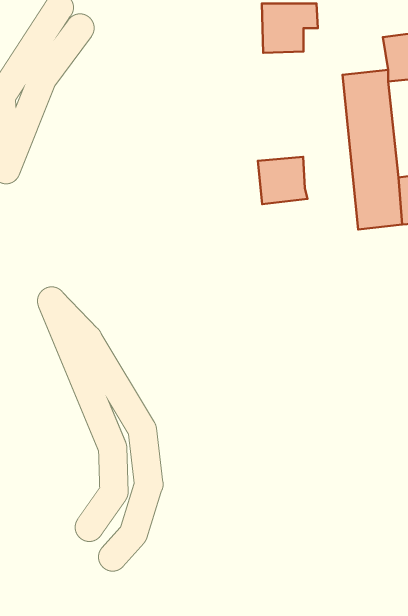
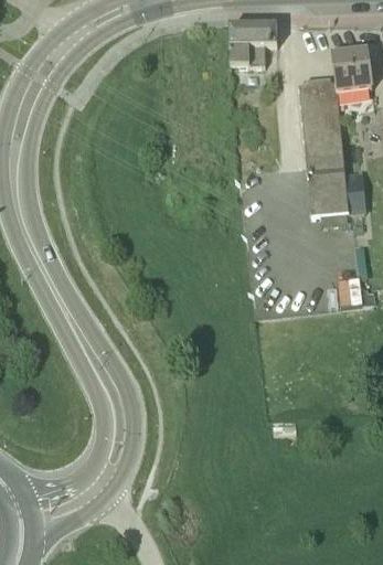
building: [258,157,307,204] -> none

